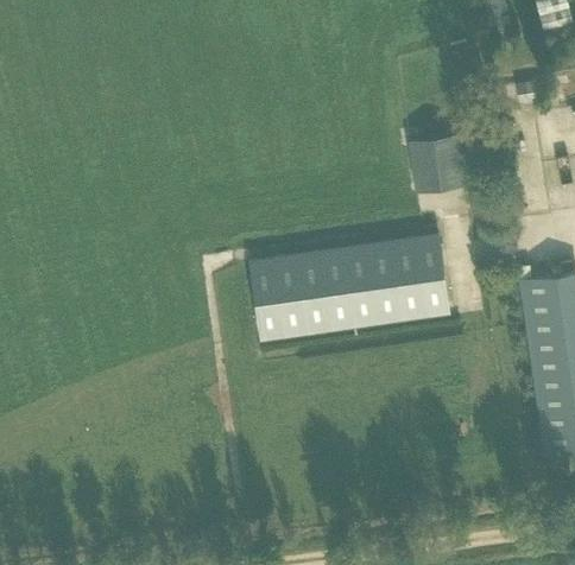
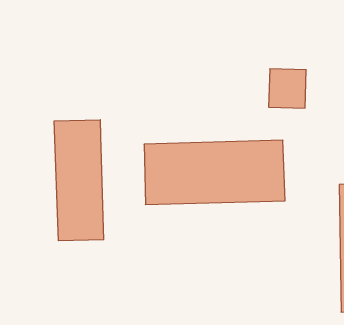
building: none -> [54,120,104,241]

